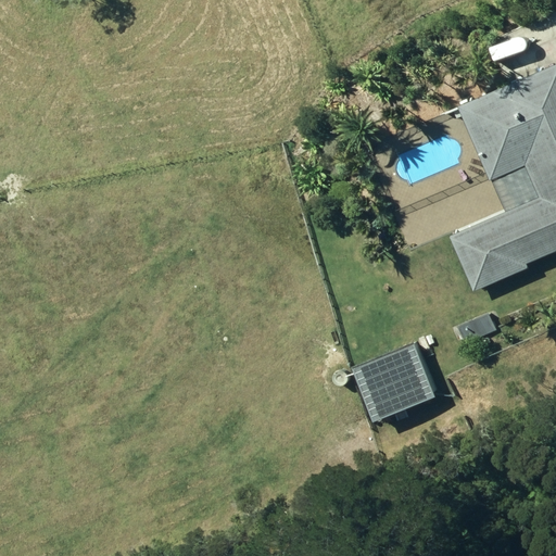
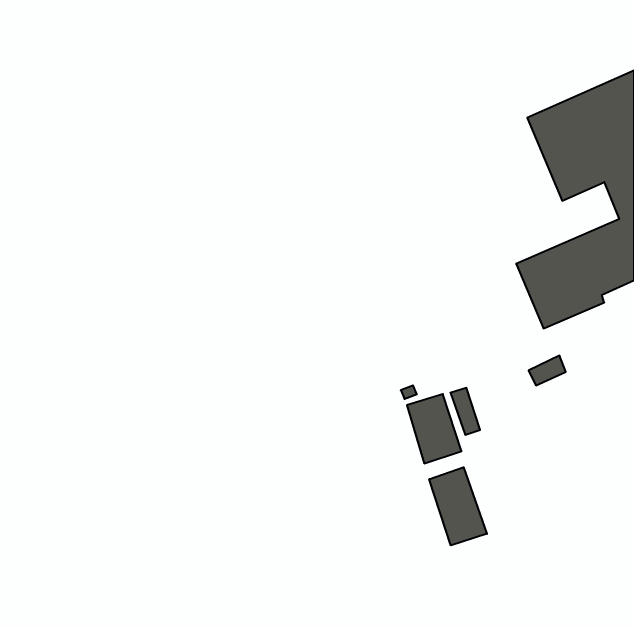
building: none -> [429,467,487,545]

